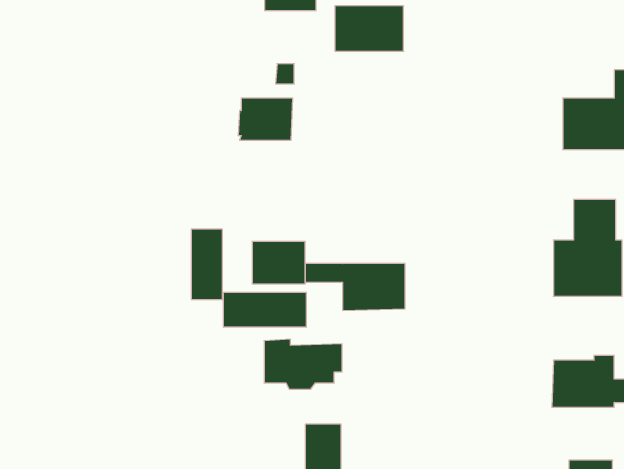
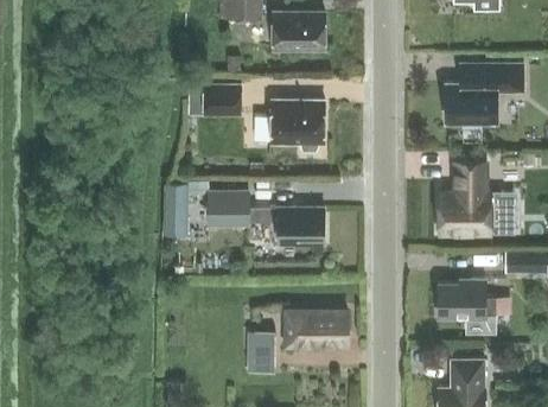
building: none -> [270,101,324,151]
building: [224,292,306,327] -> none
building: [264,339,342,389] -> [287,310,346,348]

